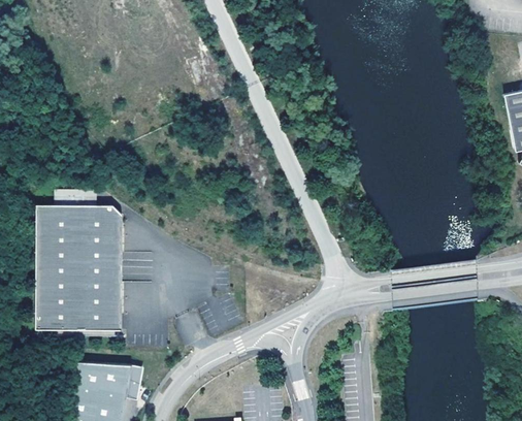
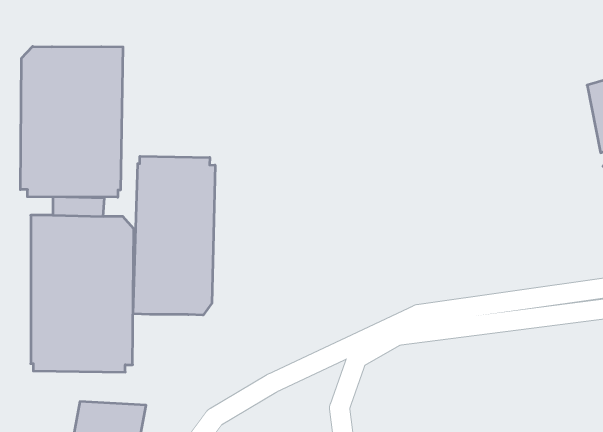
building: none -> [20,46,123,197]
building: none -> [133,156,215,315]

